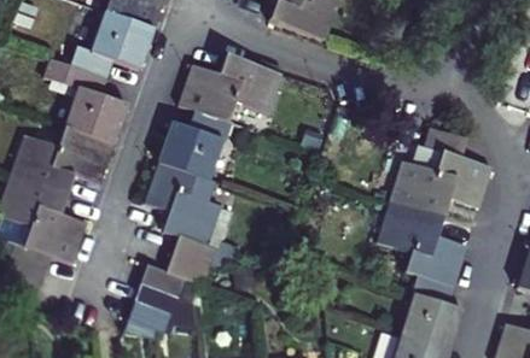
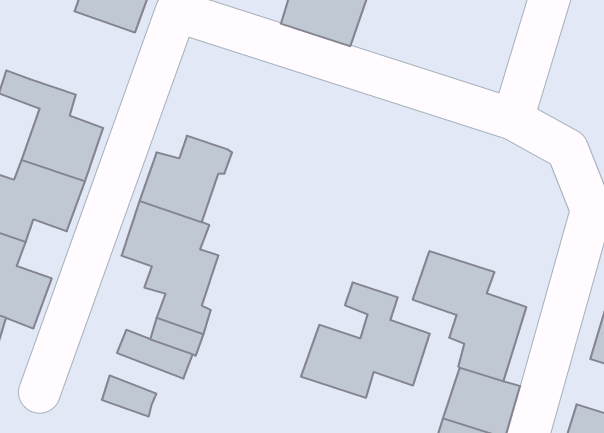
building: [71,11,155,77] -> none
building: [177,54,283,121] -> none
building: [389,127,491,218] -> [301,282,430,398]
building: [134,282,196,323] -> none

